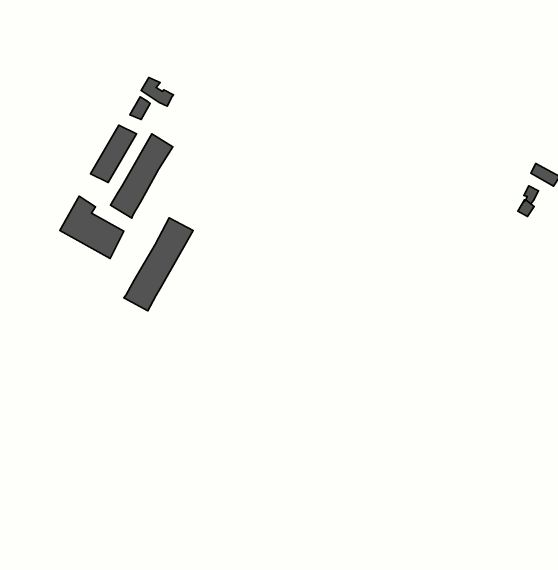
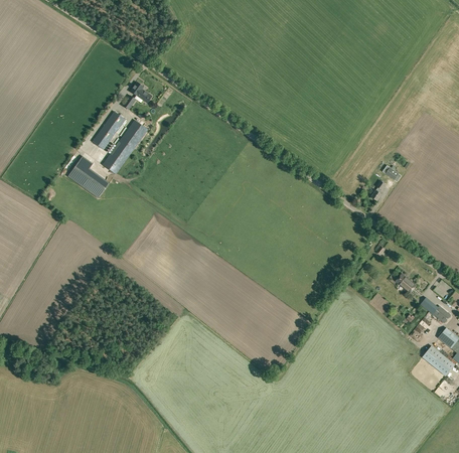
building: [124,218,193,311] -> none

